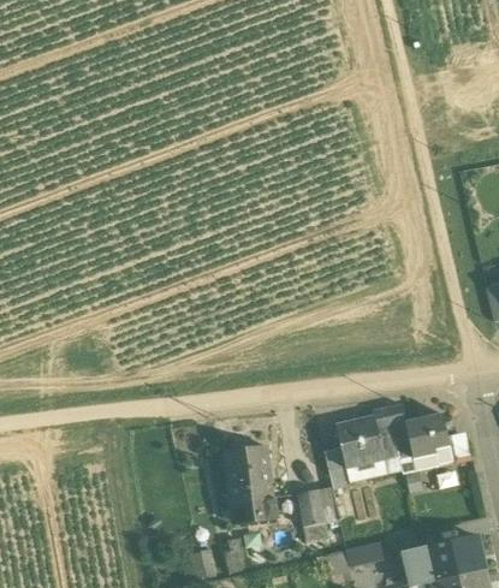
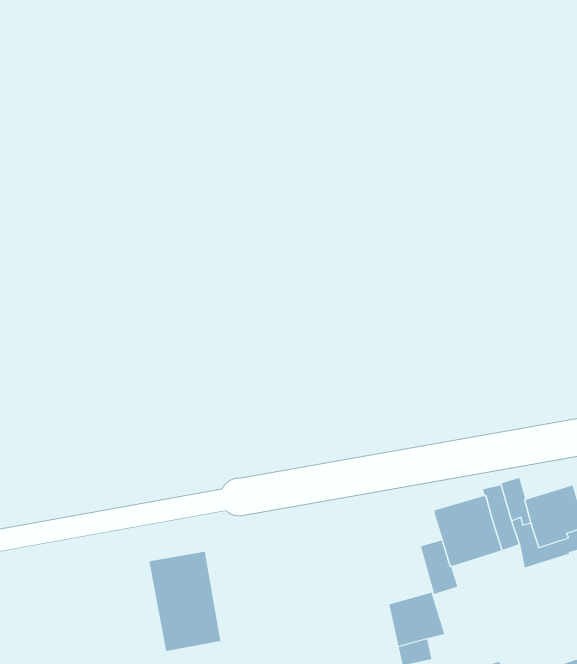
building: [224,445,274,518] -> [148,551,221,651]

